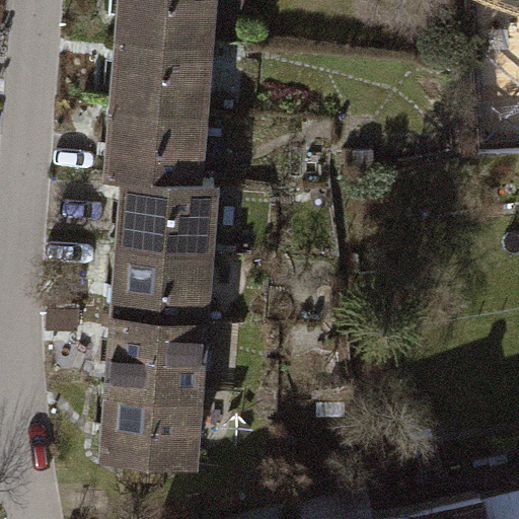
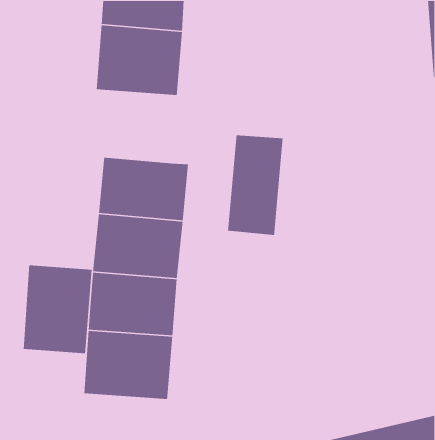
building: [104,110,207,196] -> none
building: none -> [227,134,284,236]
building: none -> [23,264,92,354]

